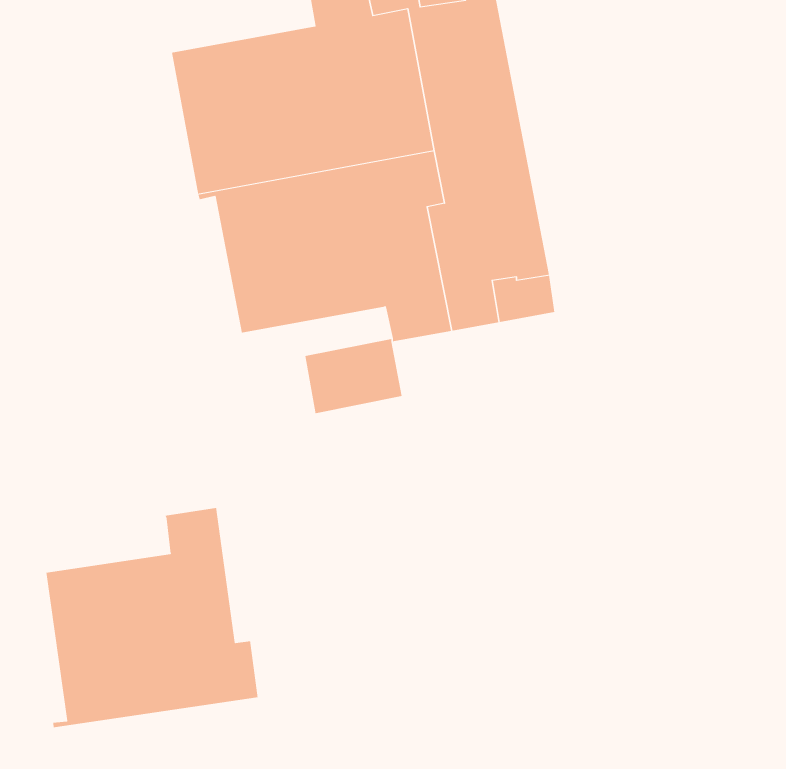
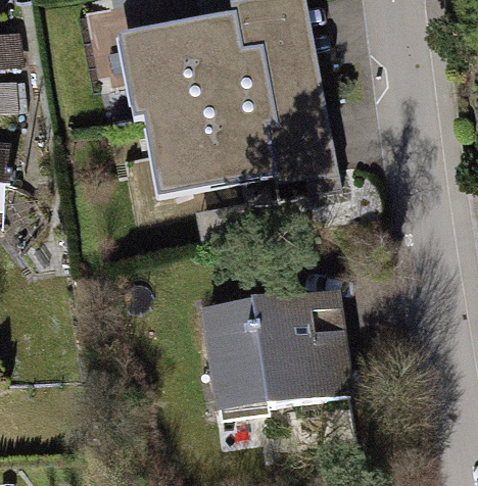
building: none -> [202,292,349,400]
building: [46,507,258,728] -> none

